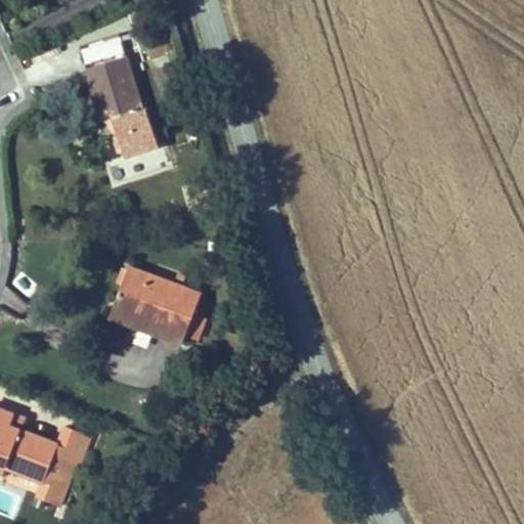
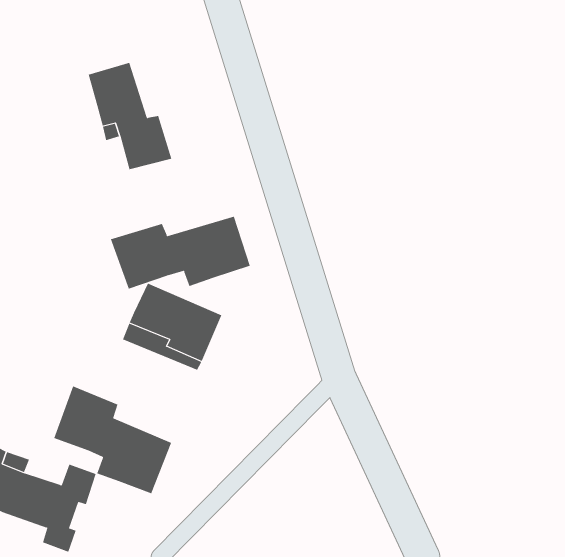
building: none -> [110,216,251,290]
building: none -> [53,386,172,494]

